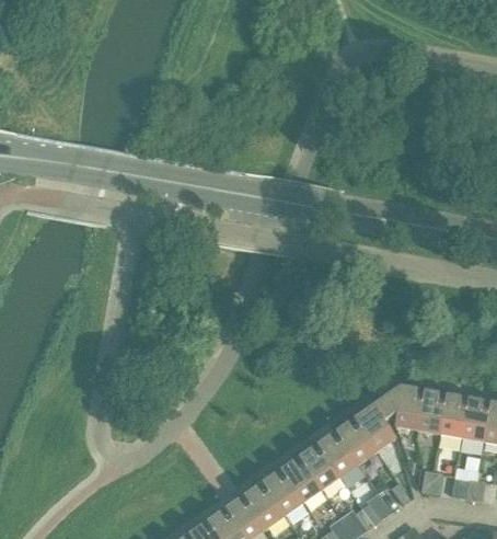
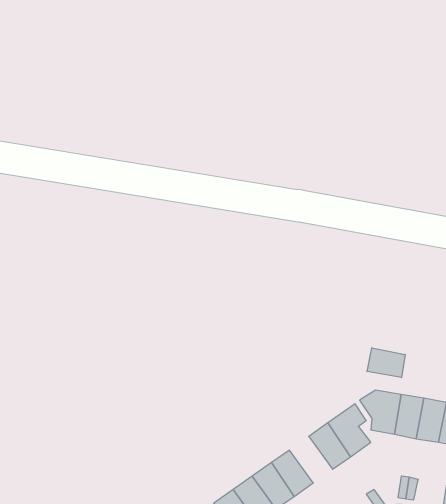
building: none -> [367,348,405,378]
building: [316,432,358,477] -> none

